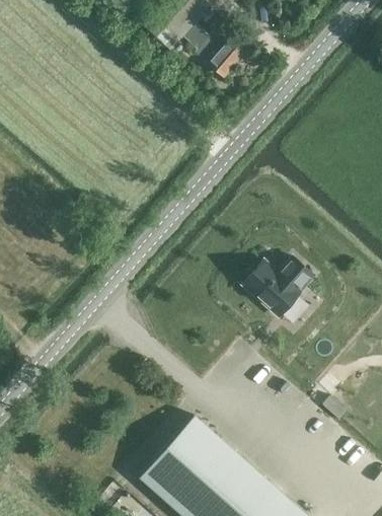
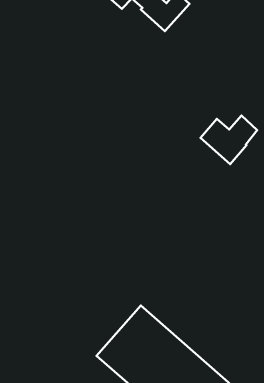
building: [243,257,313,317] -> [200,115,257,164]

